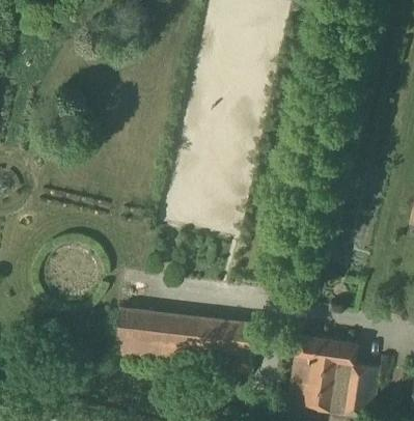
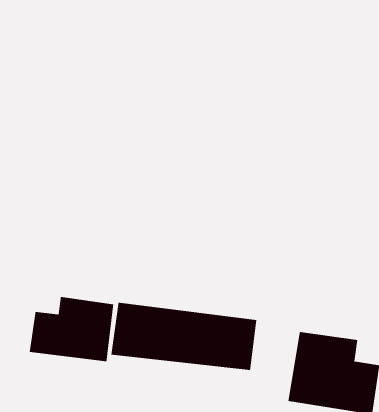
building: none -> [29,296,114,362]

